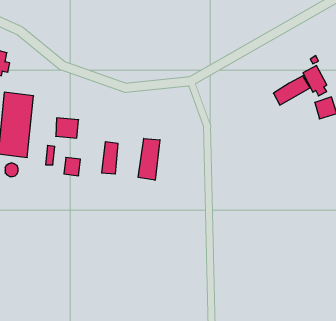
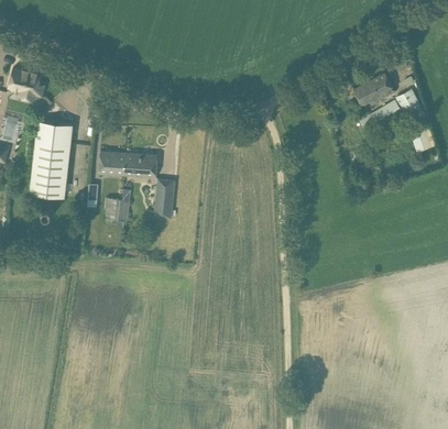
building: none -> [354,72,395,108]
building: none -> [124,152,157,176]
building: [138,138,160,180] -> none

